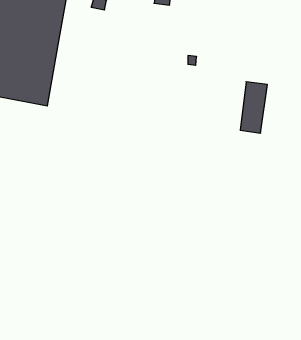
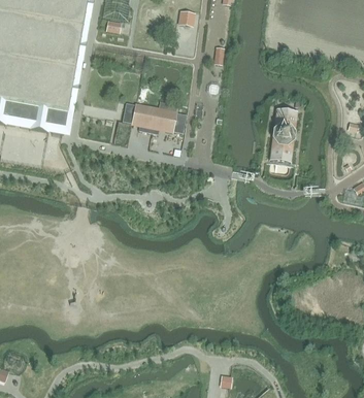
building: none -> [122,100,187,133]

